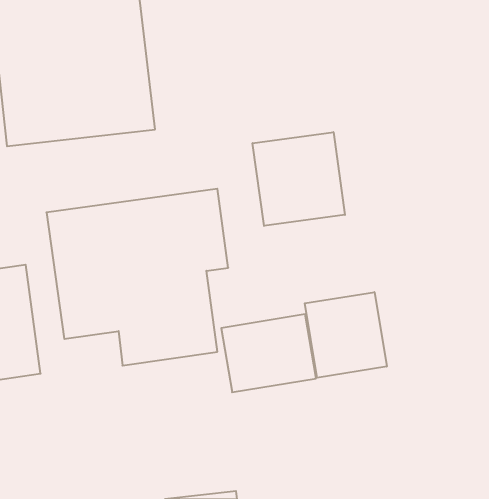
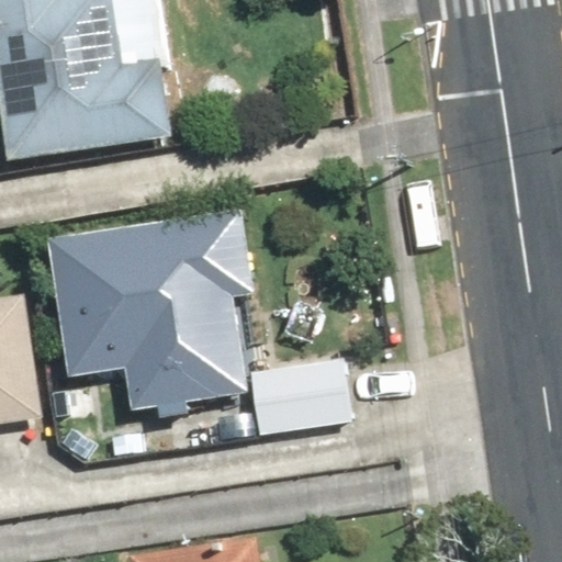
building: [253,132,345,226] -> none
building: [305,292,387,378] -> none

